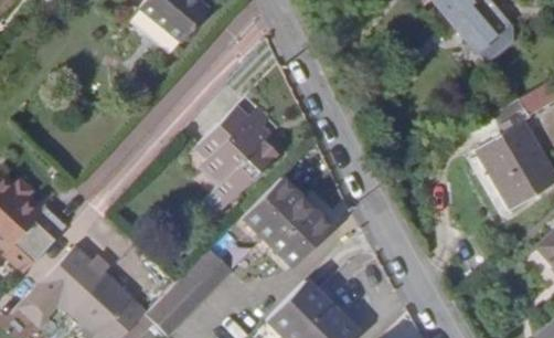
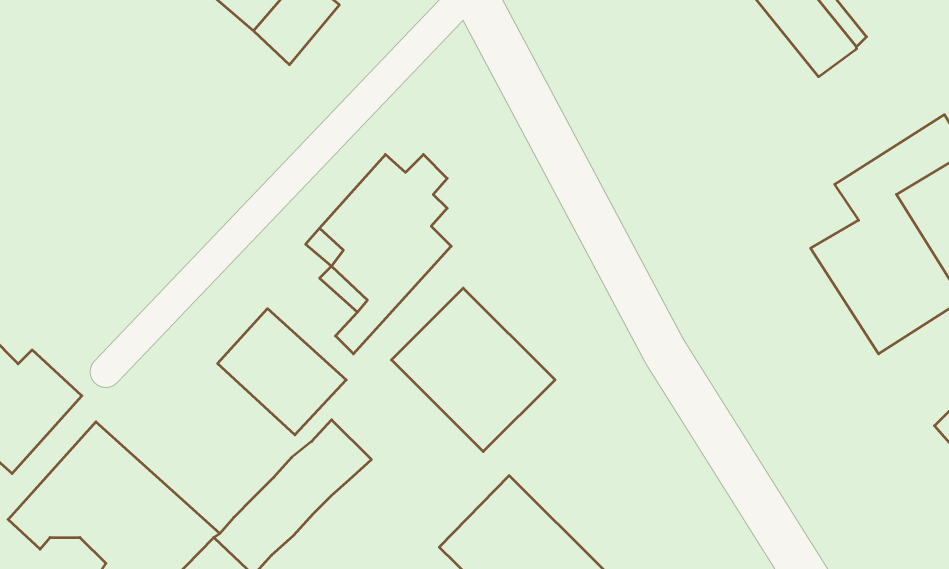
building: none -> [218,309,346,435]

